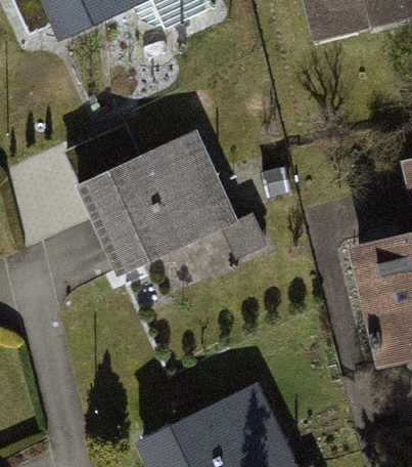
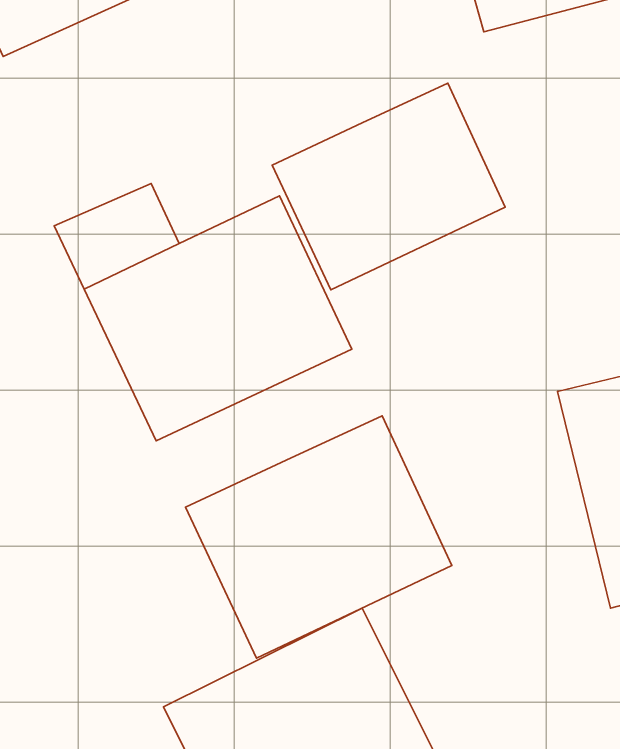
building: none -> [272,83,505,290]
building: none -> [185,416,452,658]

